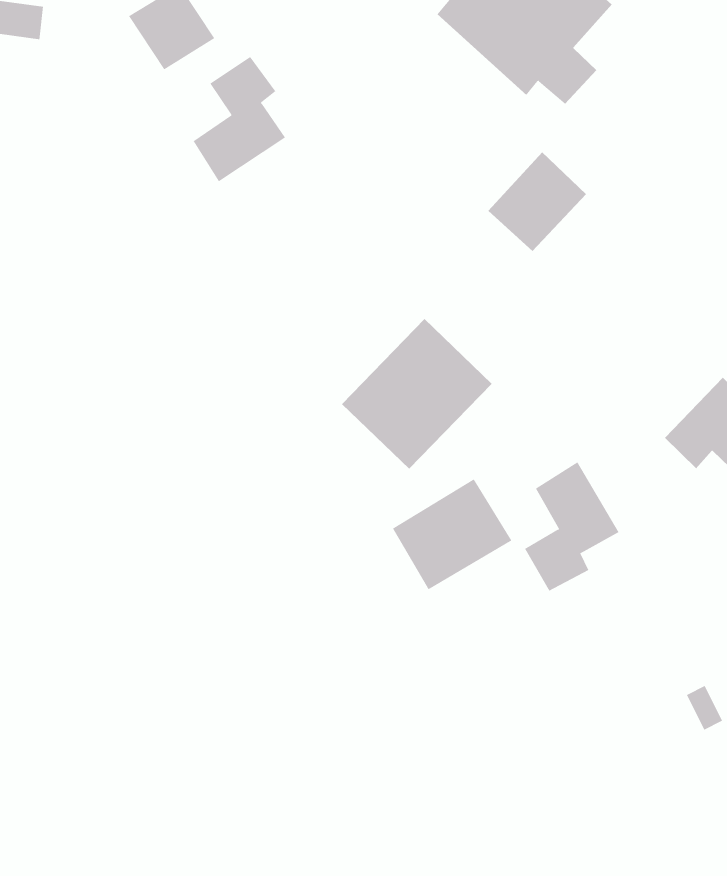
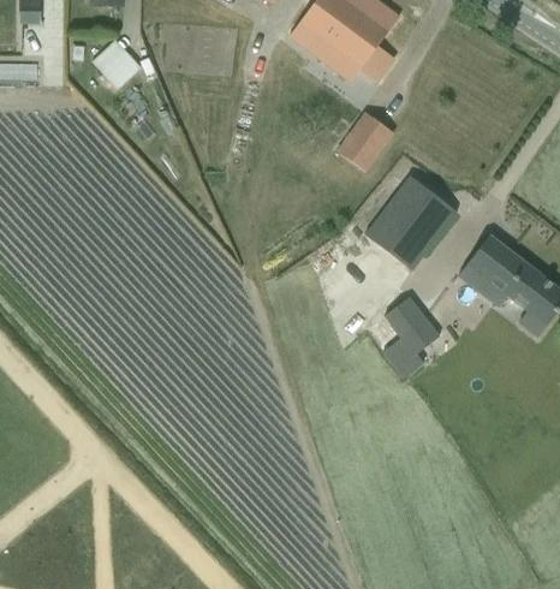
building: [193,56,286,182] -> none
building: [341,318,492,470] -> [365,177,455,269]
building: [392,479,512,590] -> none

